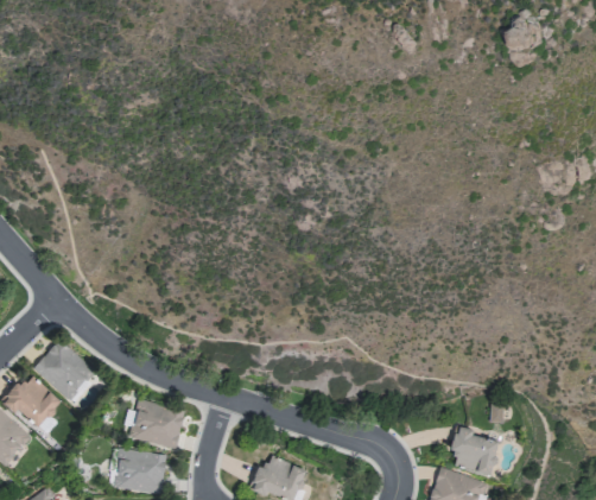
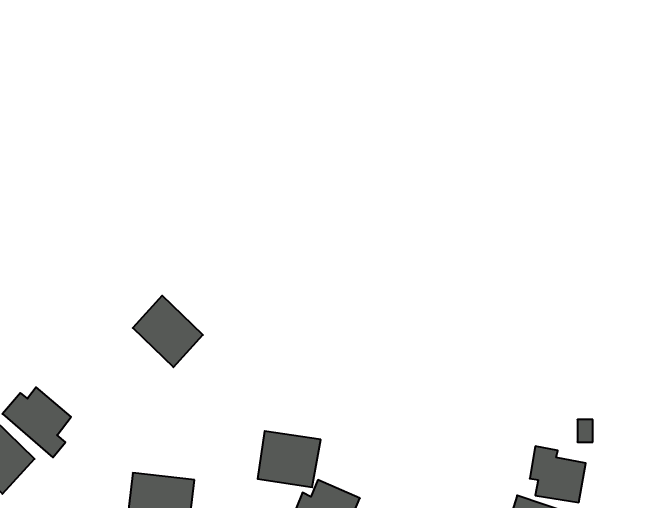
building: [33,341,93,401] -> [133,296,203,367]
building: [131,401,184,449] -> [258,431,321,487]

